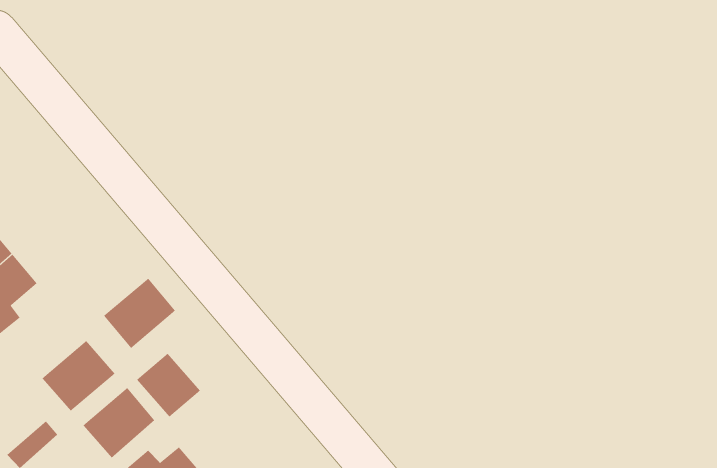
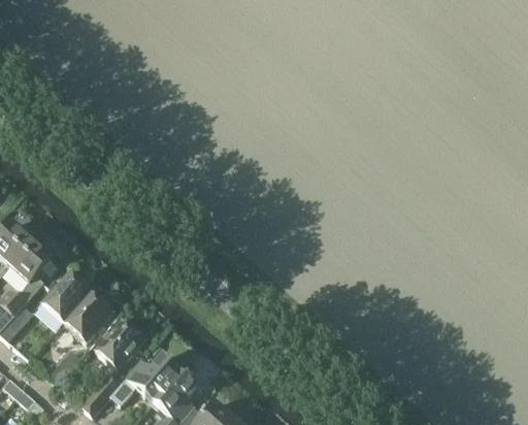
building: [103,278,176,349] -> [42,271,91,321]
building: [136,353,201,417] -> none

